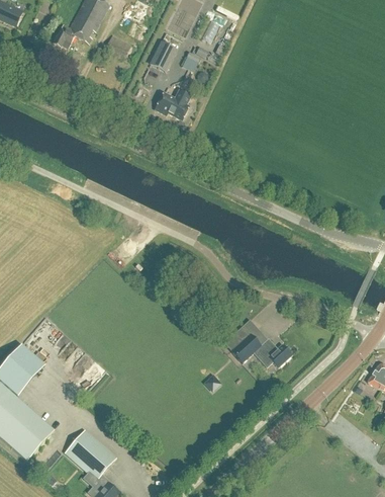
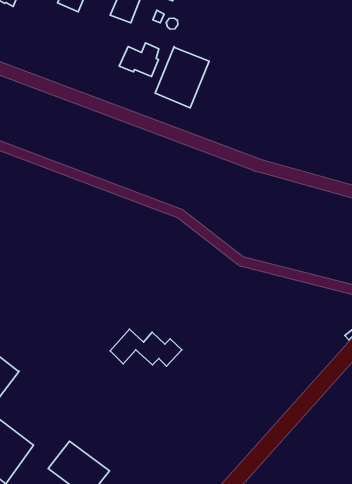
building: none -> [155,46,209,108]
building: [230,334,292,368] -> [110,329,182,366]

